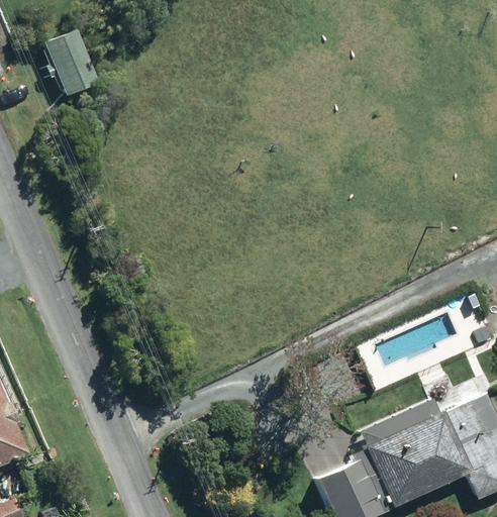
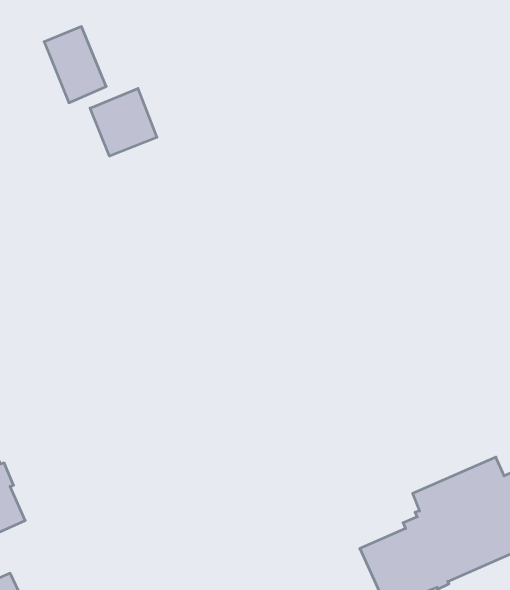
building: none -> [90,88,157,156]

